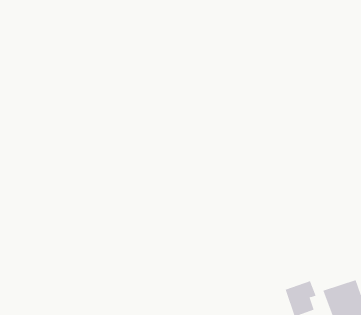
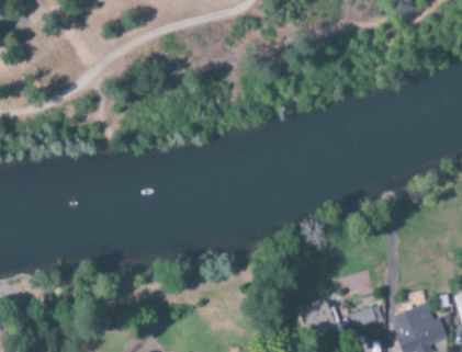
building: none -> [298,299,340,336]

